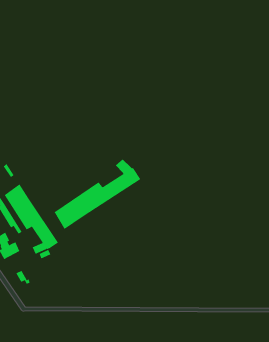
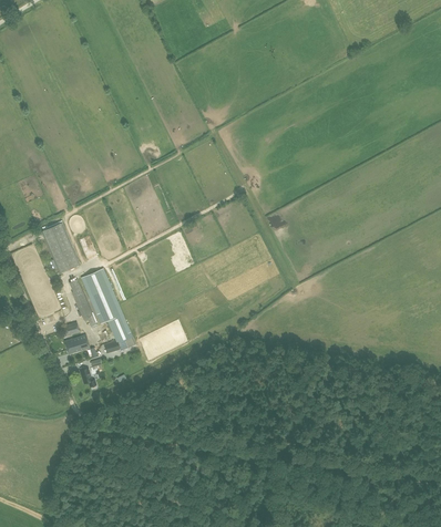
building: [54,158,141,230] -> none

